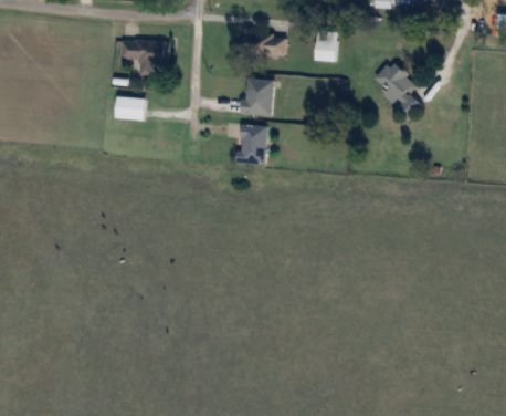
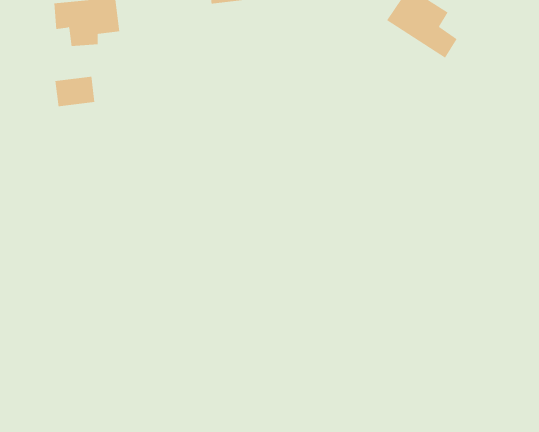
building: [243,79,274,115] -> none
building: [239,125,267,165] -> none

